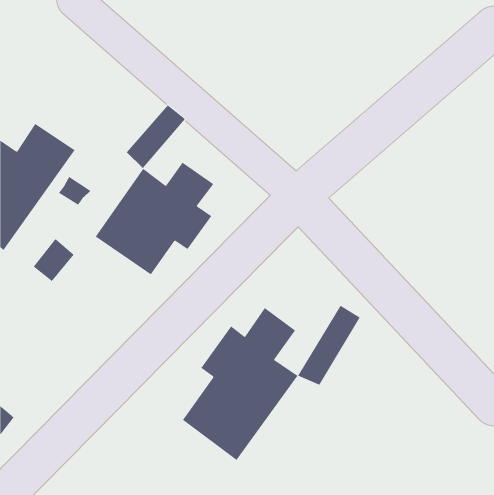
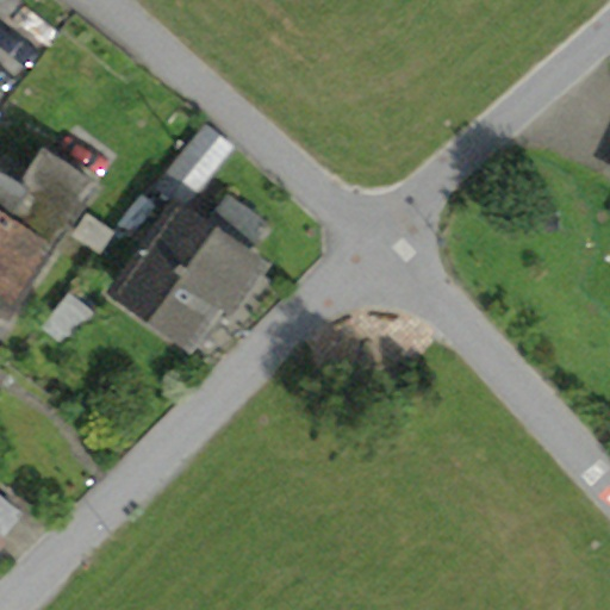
building: [182,305,360,461] -> none

